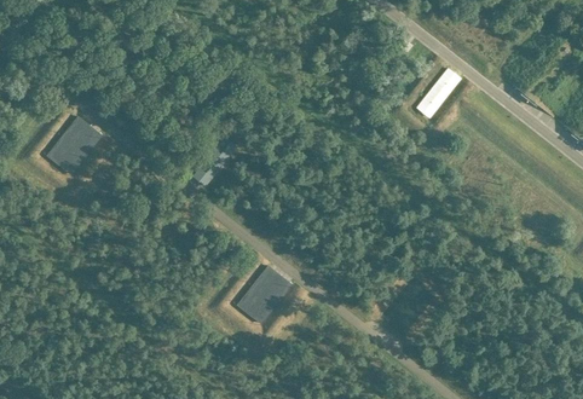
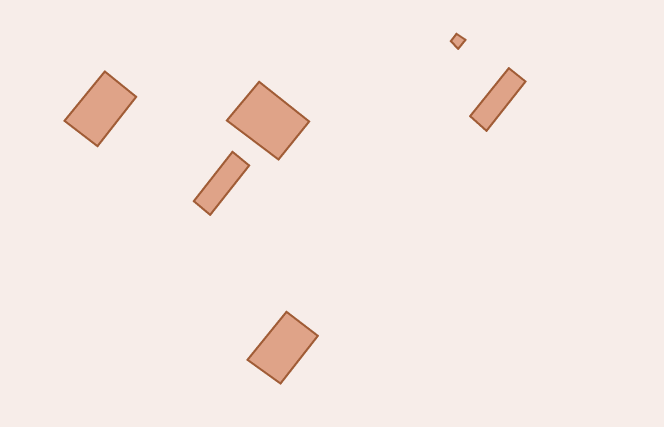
building: none -> [227,82,309,159]
building: [45,115,103,175] -> [64,71,136,146]

